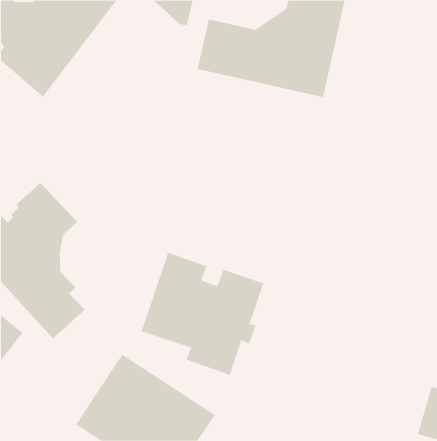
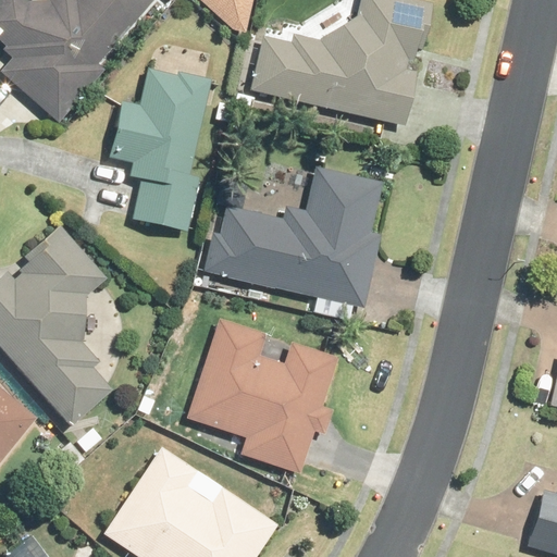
building: none -> [110,69,211,231]
building: none -> [202,161,391,306]

